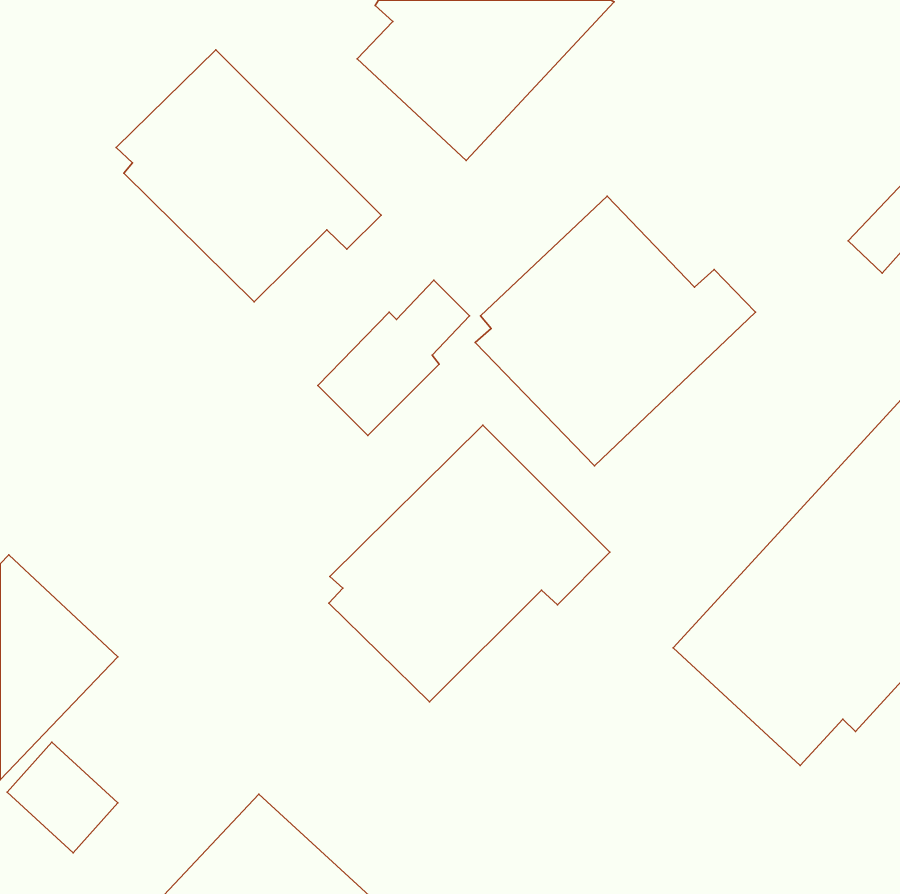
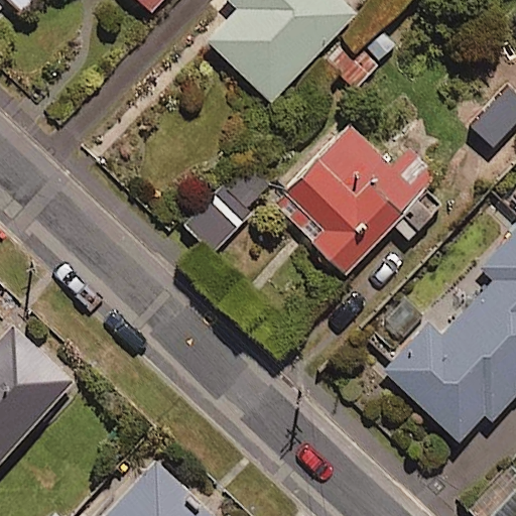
building: [116,50,381,302] -> none
building: [329,425,610,702] -> none

